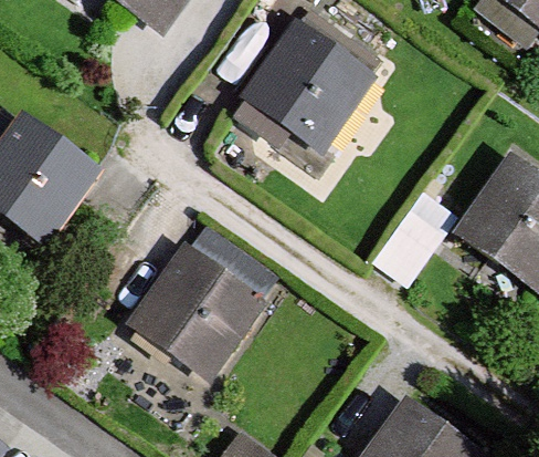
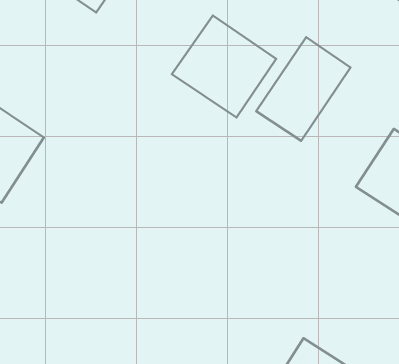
building: none -> [256,37,351,141]
building: [130,249,258,376] -> none

